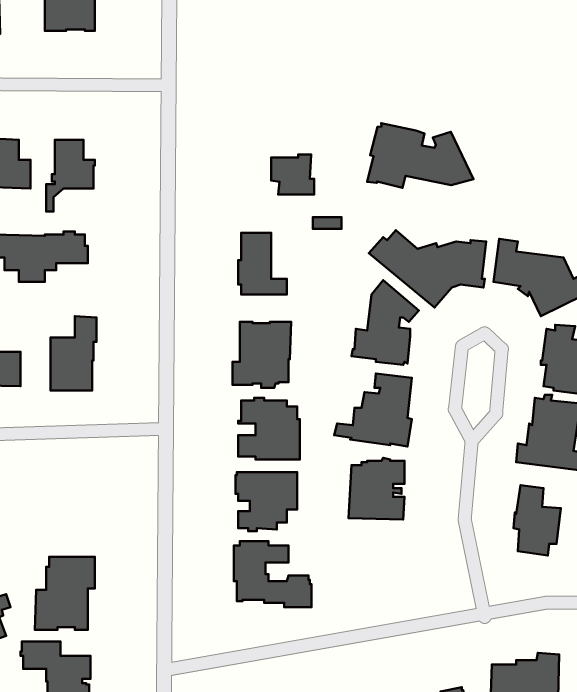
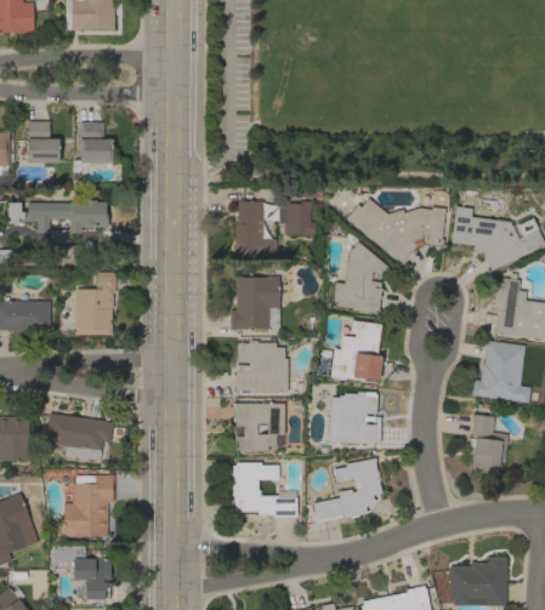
building: [367,123,474,188] -> none
building: [271,155,314,195] -> [278,201,314,235]
building: none -> [45,414,113,461]
building: none -> [313,458,381,523]

